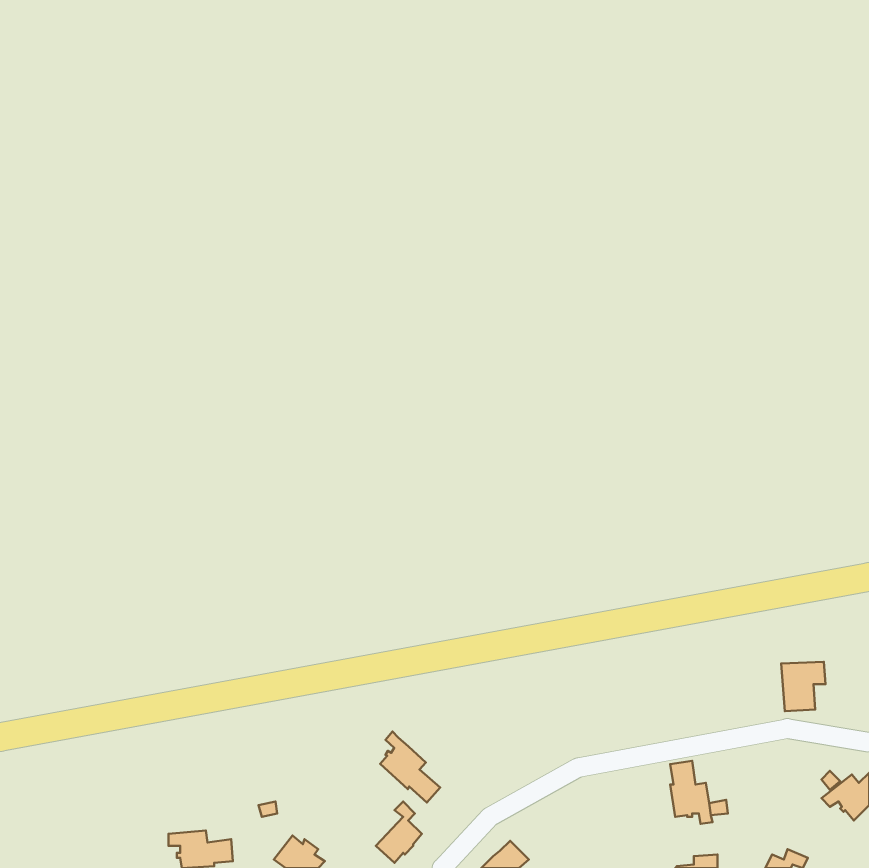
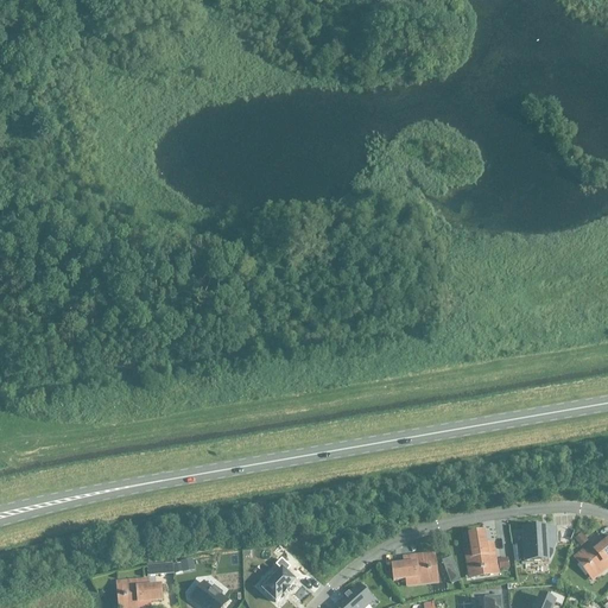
building: [781,662,825,711] -> [524,527,555,562]
building: [380,732,440,802] -> none
building: none -> [391,553,435,582]

